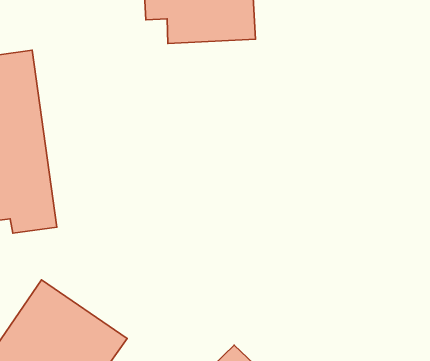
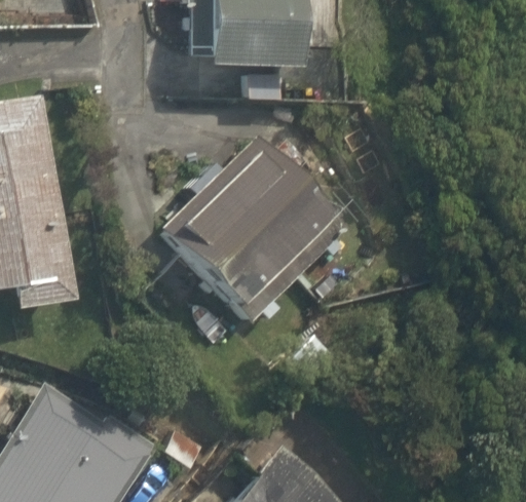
building: none -> [157,131,339,313]

